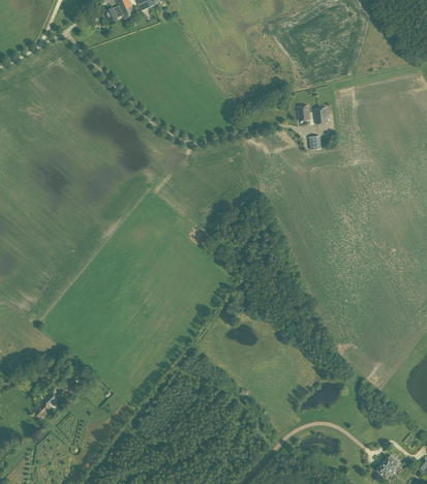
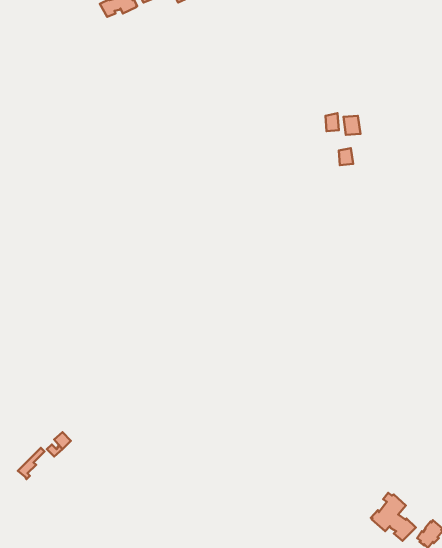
building: none -> [371,493,416,541]

